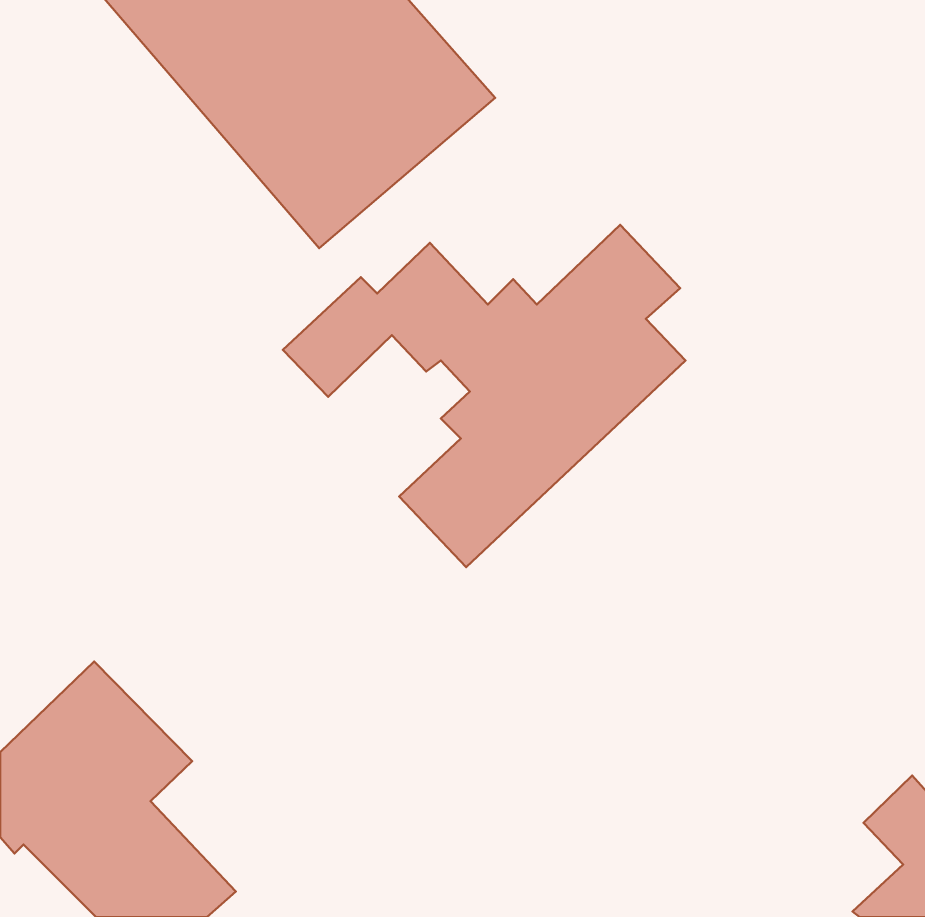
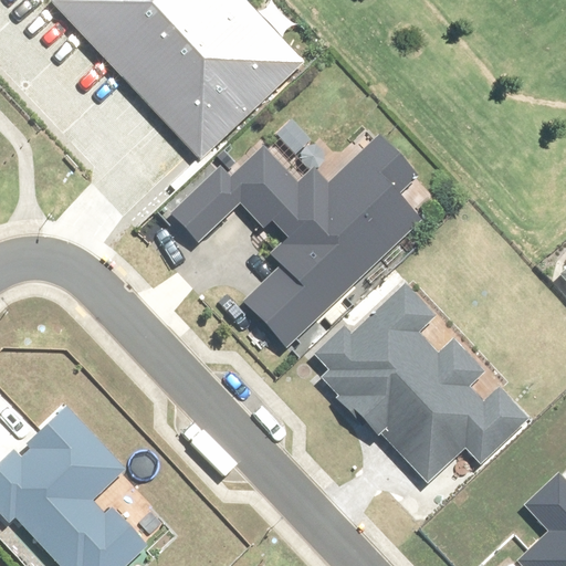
building: none -> [314,285,527,485]

